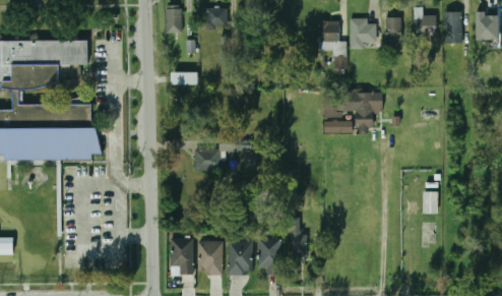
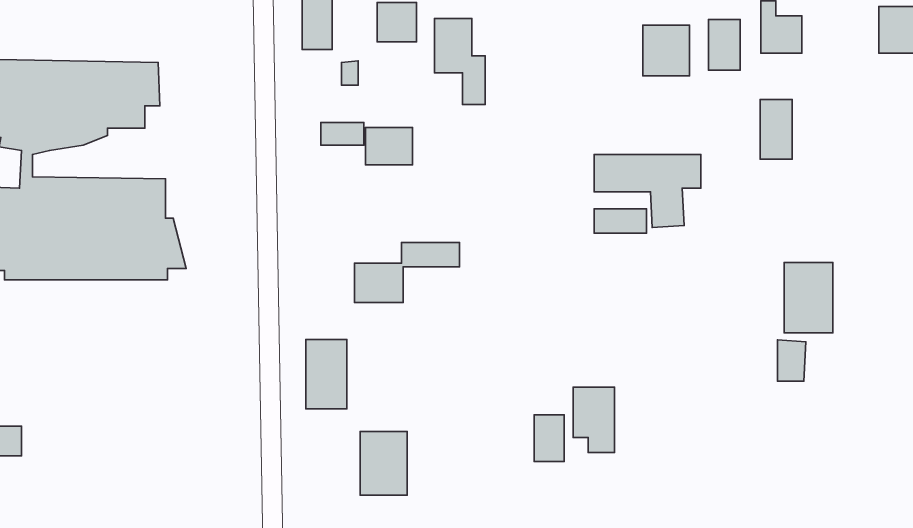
building: [445,11,462,44] -> [760,99,792,159]
building: [319,21,347,68] -> [434,18,485,105]
building: none -> [366,128,413,165]
building: none -> [784,263,833,333]
building: [170,239,192,277] -> [306,340,347,409]
building: [258,239,280,275] -> [573,387,615,453]
building: [228,241,252,275] -> none

